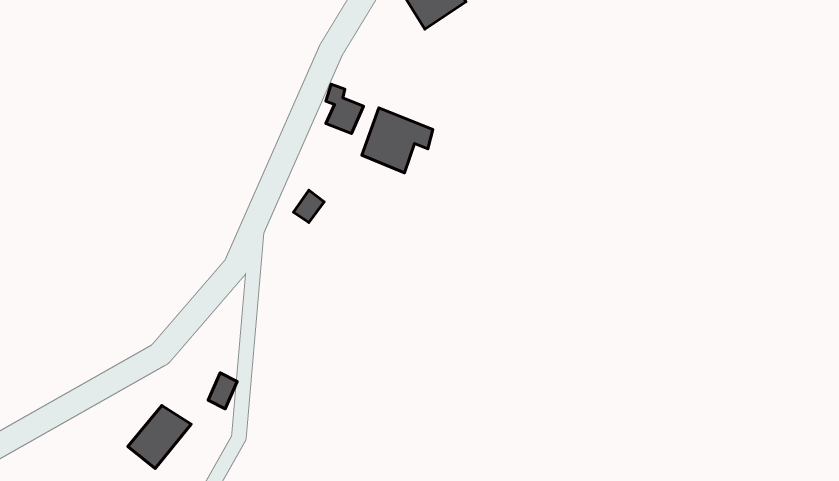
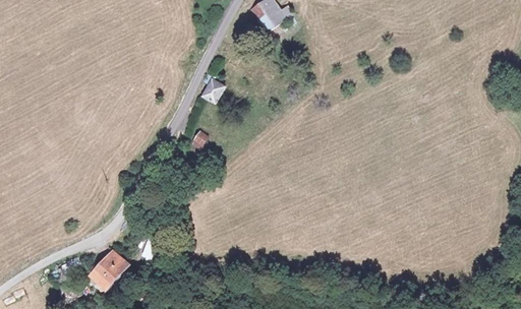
building: [362,108,433,173] -> none

